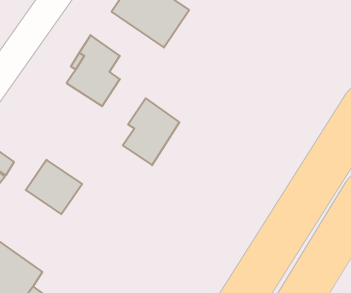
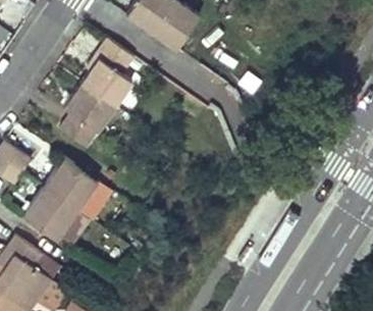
building: [123,98,179,165] -> [60,85,115,150]
building: none -> [23,189,77,242]

